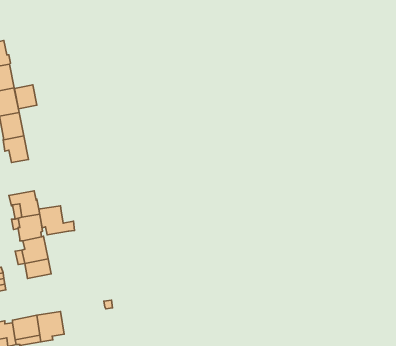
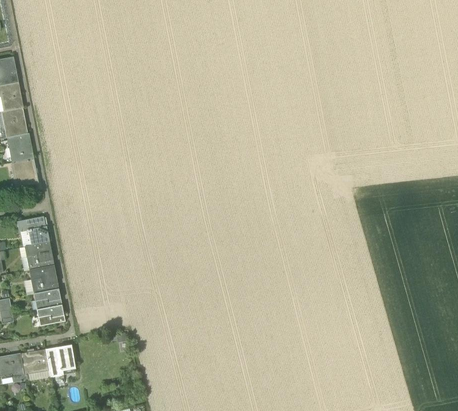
building: [14,85,37,109] -> none
building: [39,206,75,235] -> none
building: none -> [36,304,65,326]

